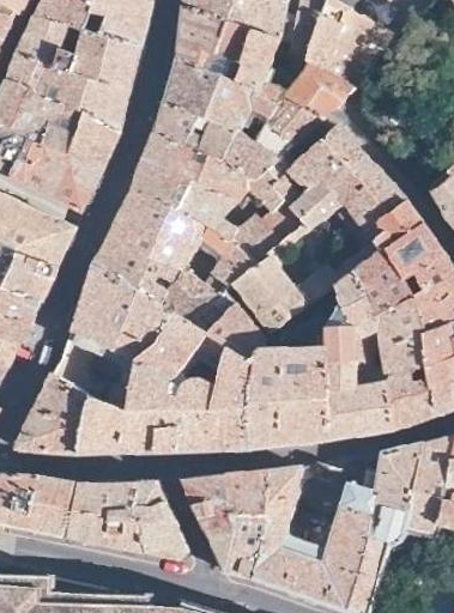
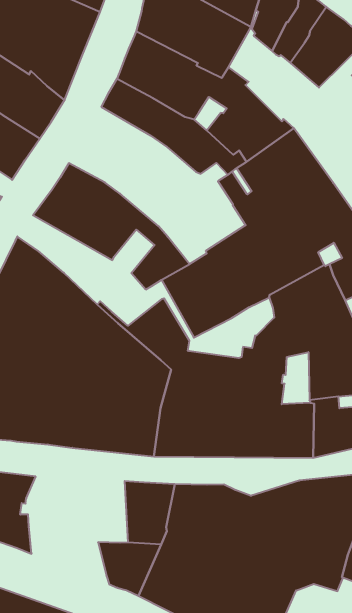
building: [285,61,353,122] -> none
building: [132,132,303,266] -> none
building: [93,241,219,320] -> none
building: [182,474,235,534] -> none
building: [132,481,187,560] -> none

